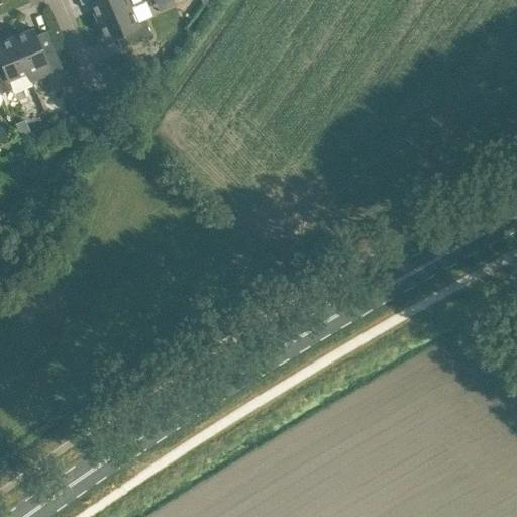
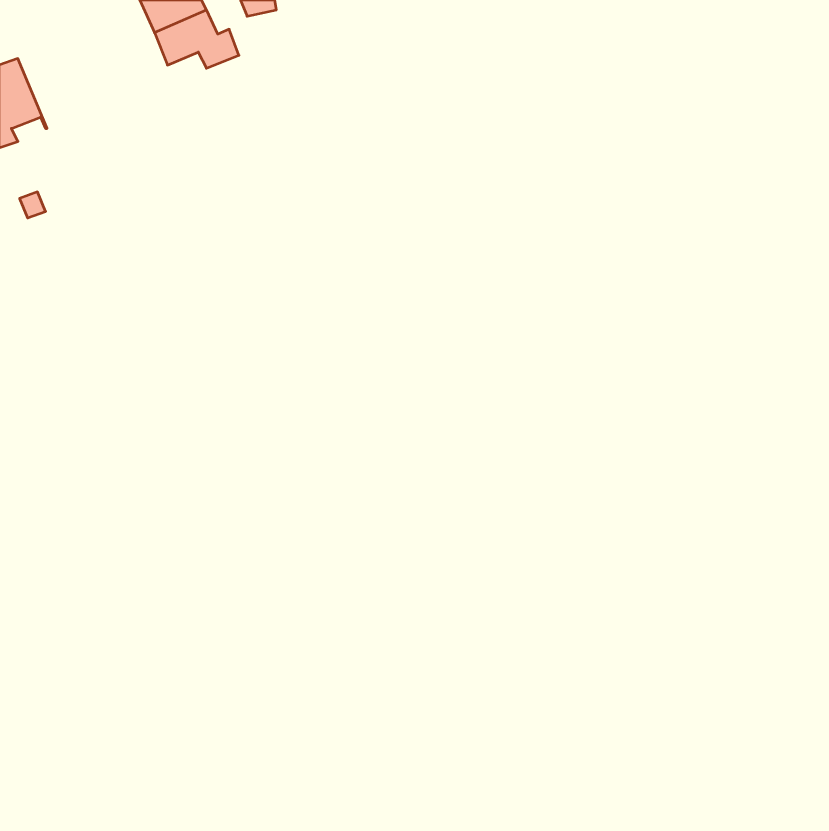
building: [11,27,61,80] -> none

